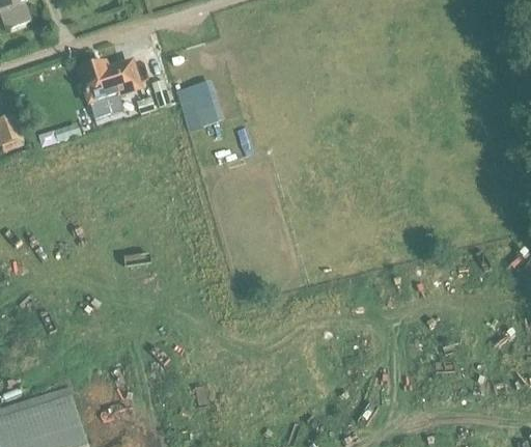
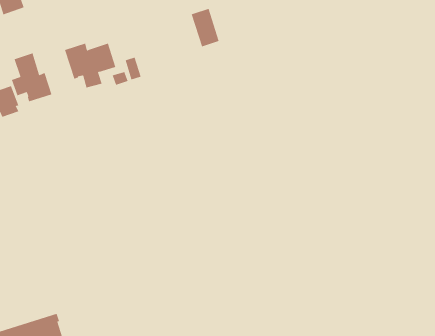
building: none -> [11,53,52,102]
building: [188,79,222,125] -> [191,8,220,47]

